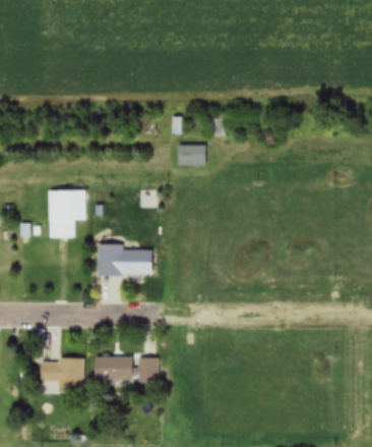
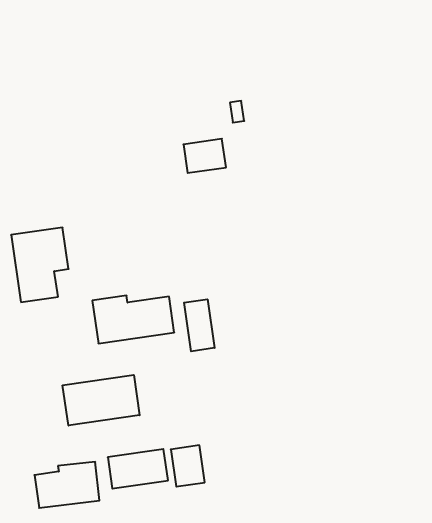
building: none -> [184,299,215,351]
building: none -> [63,375,140,426]

